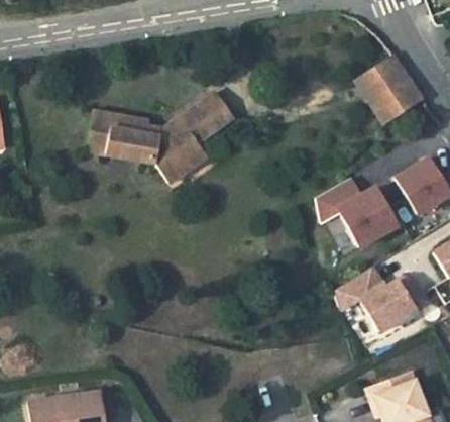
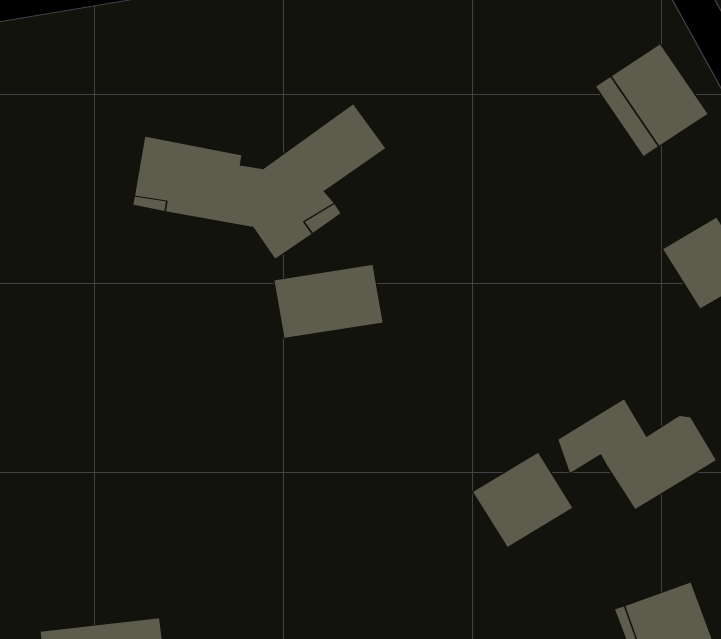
building: [317,178,397,246] -> none
building: none -> [274,264,383,338]
building: none -> [472,452,573,548]

